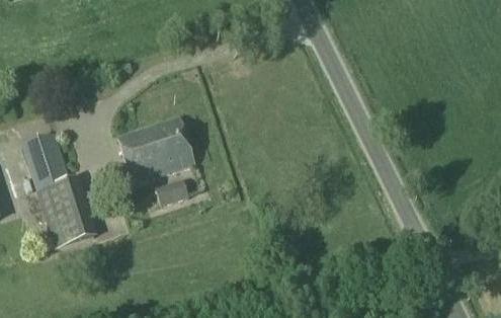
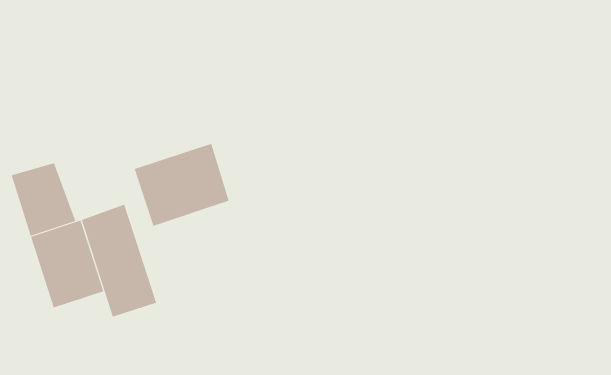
building: none -> [81,204,157,317]
building: [155,178,188,205] -> none

